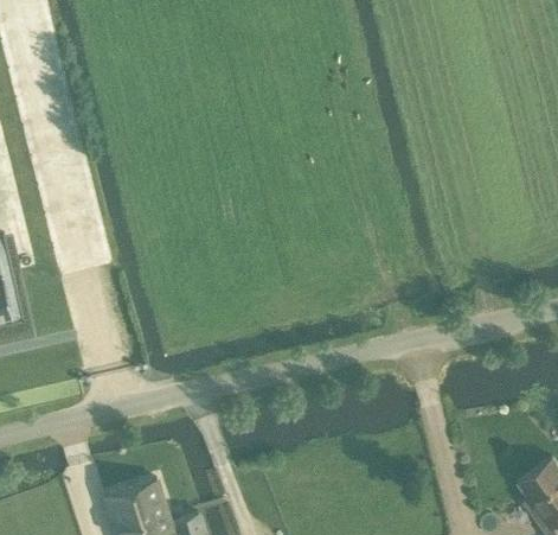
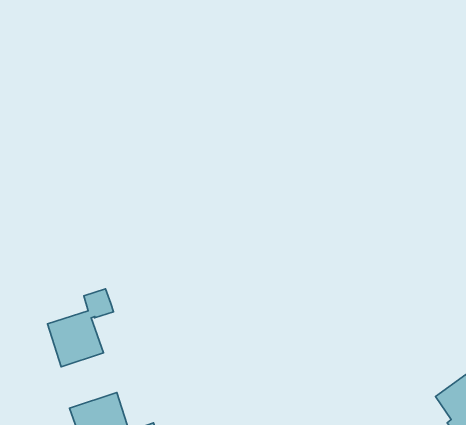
building: none -> [47,289,114,367]

